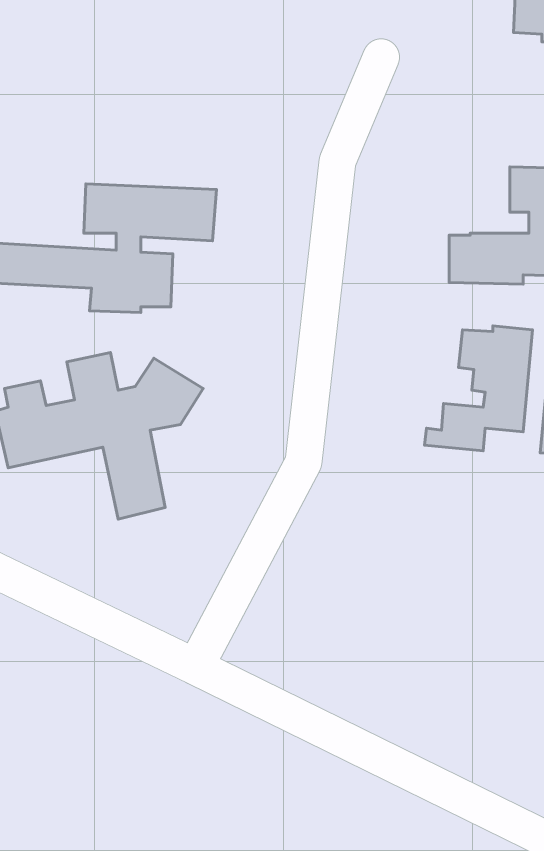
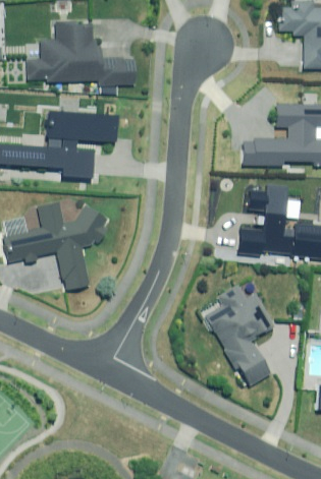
building: none -> [28,23,136,84]
building: none -> [205,285,273,384]

